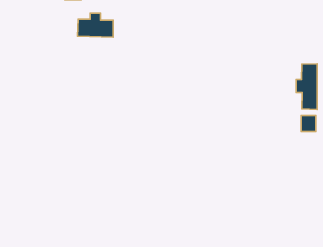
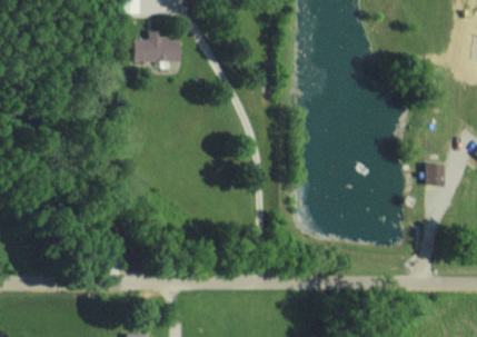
building: [296,64,317,109] -> none

